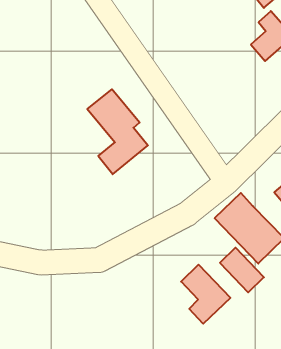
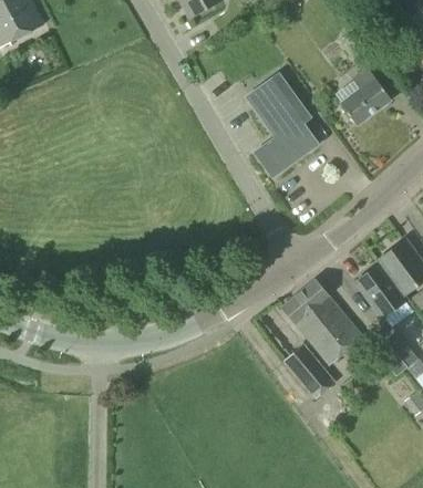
building: [87,89,148,174] -> [248,75,317,176]
building: [181,265,230,324] -> none

